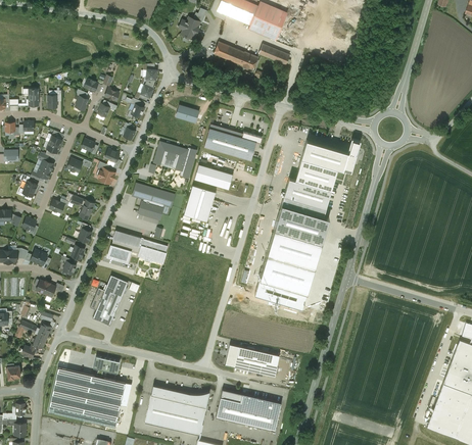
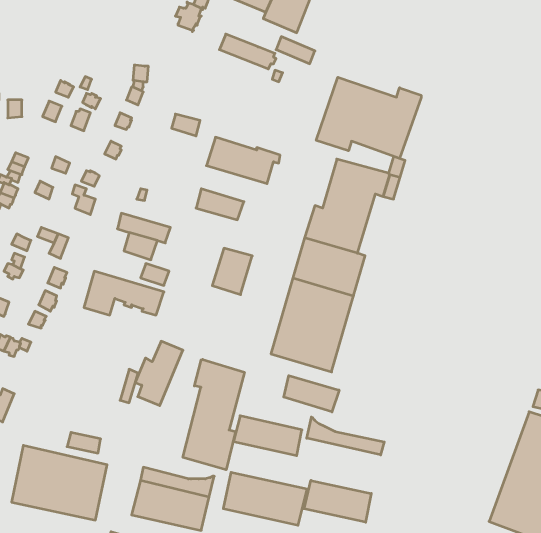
building: none -> [316,77,421,158]
building: [154,142,188,170] -> none
building: [184,186,216,222] -> [212,248,252,295]
building: [91,276,129,327] -> [135,341,183,406]
building: none -> [183,359,244,470]
building: none -> [284,376,339,412]
building: none -> [307,417,384,455]
building: none -> [304,480,371,522]

